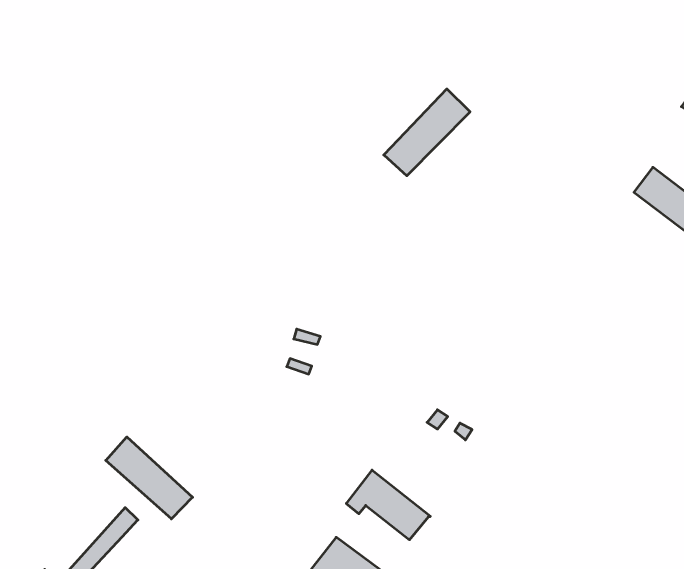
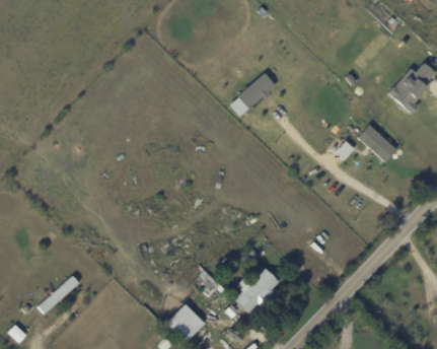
building: [106,437,193,519] -> none
building: none -> [236,268,281,312]

